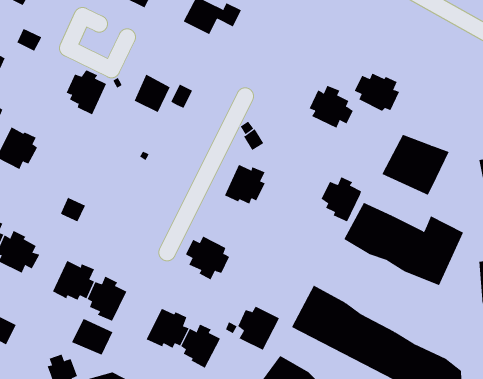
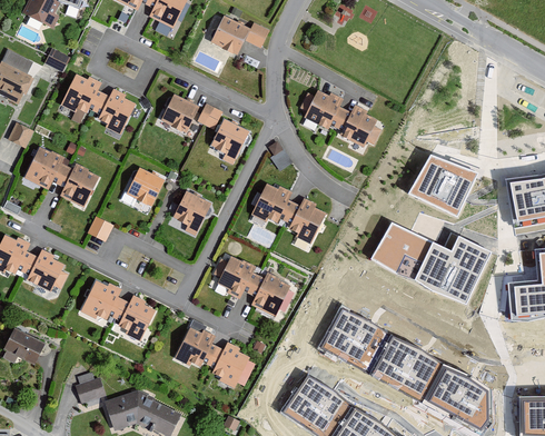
building: none -> [61,73,103,113]
building: [354,73,400,112] -> [300,90,346,129]
building: none -> [211,119,249,165]
building: none -> [58,164,100,208]
building: none -> [127,168,165,205]
building: none -> [172,190,211,235]
building: [321,177,362,222] -> [285,198,326,244]
building: [237,306,280,351] -> [250,272,293,317]
building: [71,318,113,356] -> none

